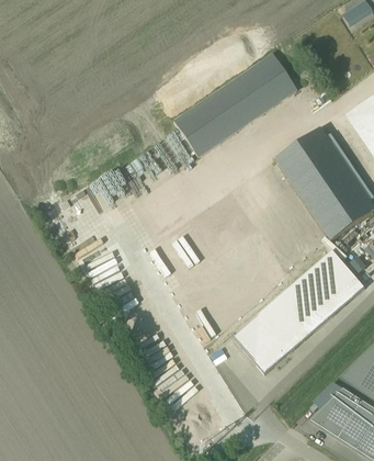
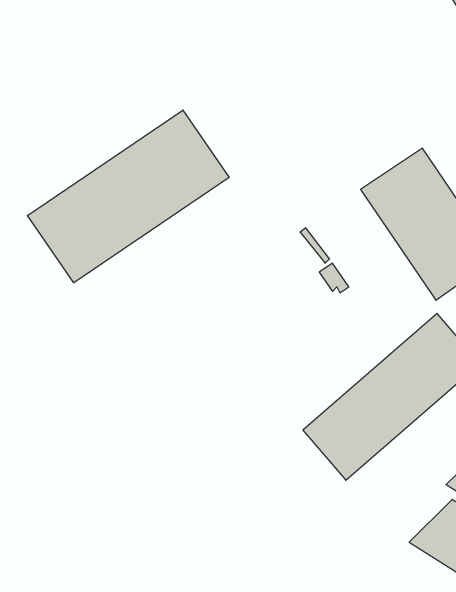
building: [173,53,296,157] -> none
building: none -> [27,110,229,283]

